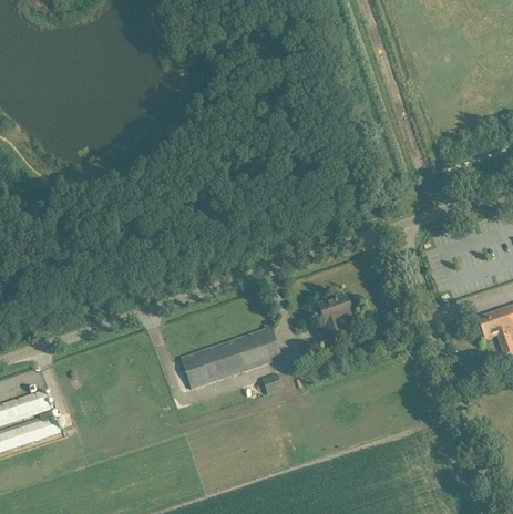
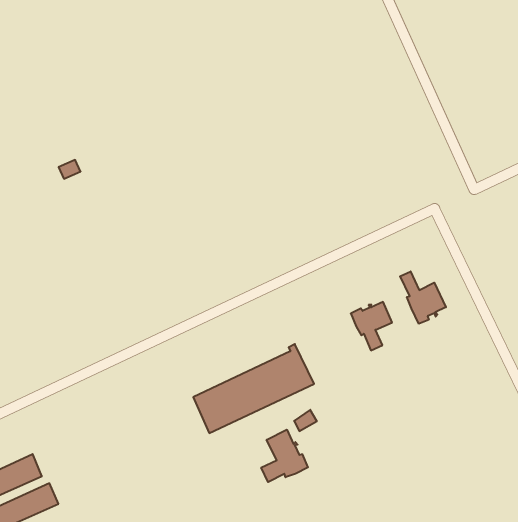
building: none -> [400,271,446,324]
building: none -> [261,430,308,482]

